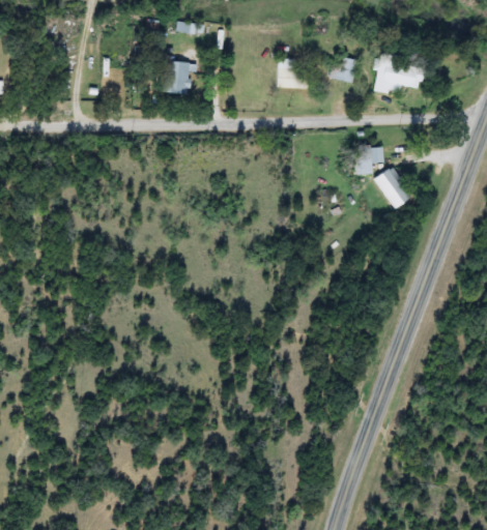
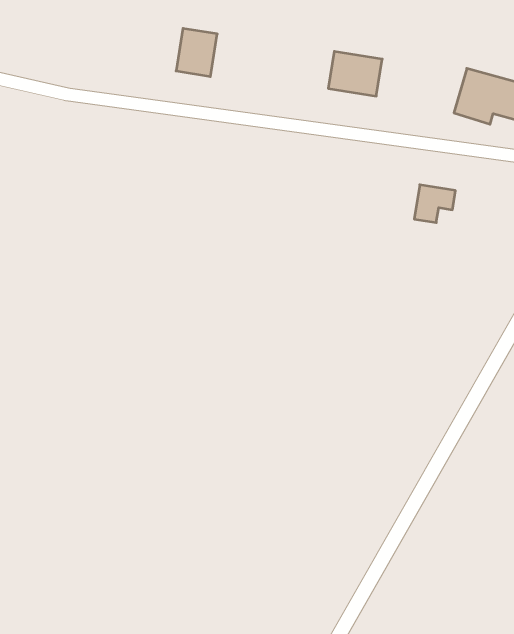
building: [328,54,356,83] -> none
building: [373,167,411,208] -> none

